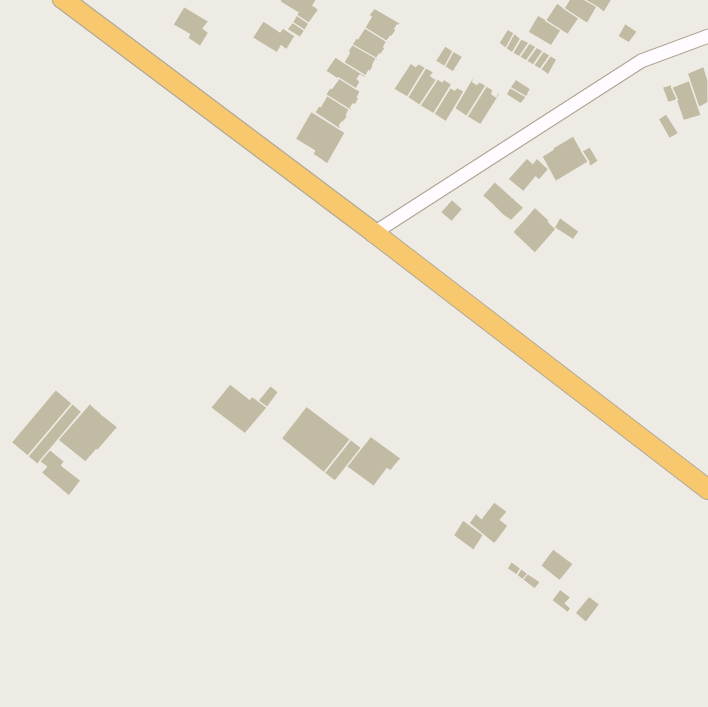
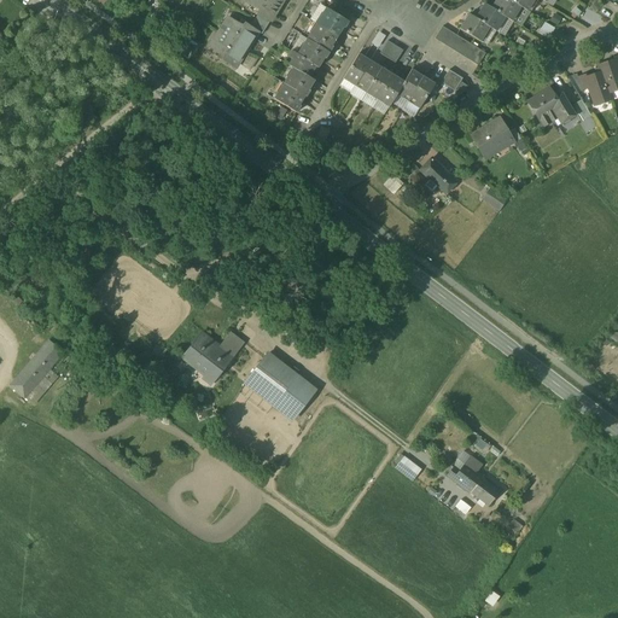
building: [173,6,209,47] -> [210,33,241,68]
building: none -> [527,88,575,123]
building: [295,111,345,164] -> none
building: [508,158,549,192] -> none
building: [512,207,556,253] -> none
building: [58,403,118,462] -> none
building: [347,436,401,487] -> none
building: [40,450,81,496] -> none
building: [469,502,508,544] -> [448,456,482,492]

